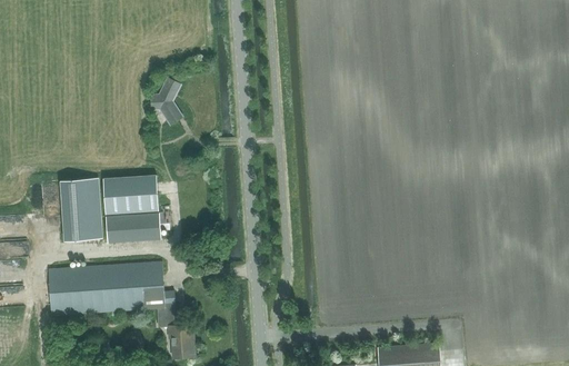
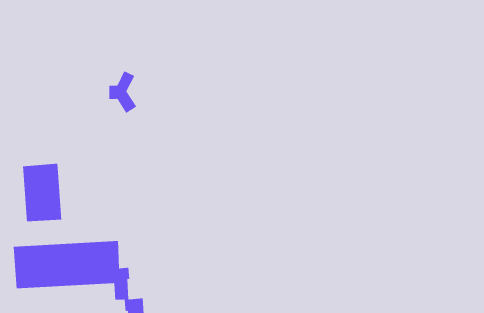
building: [103,175,160,238] -> none

